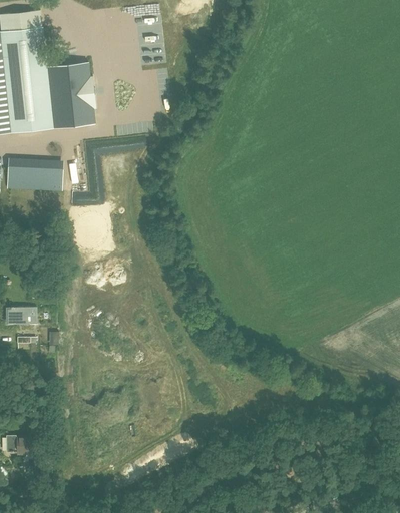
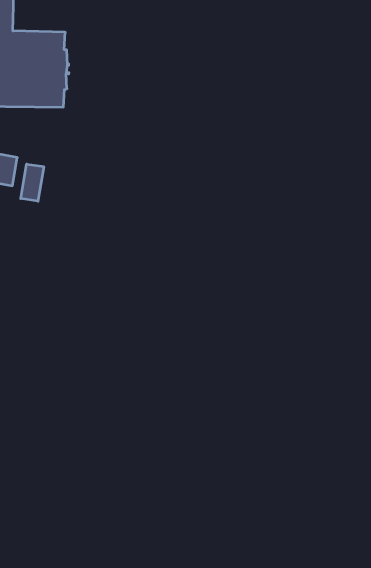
building: none -> [21,164,44,201]

